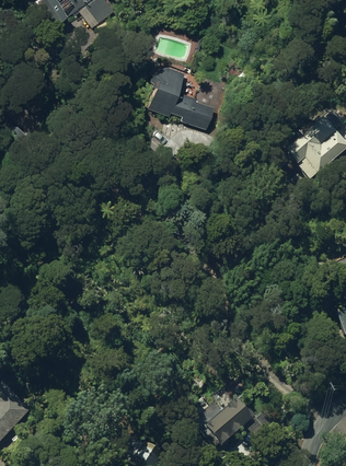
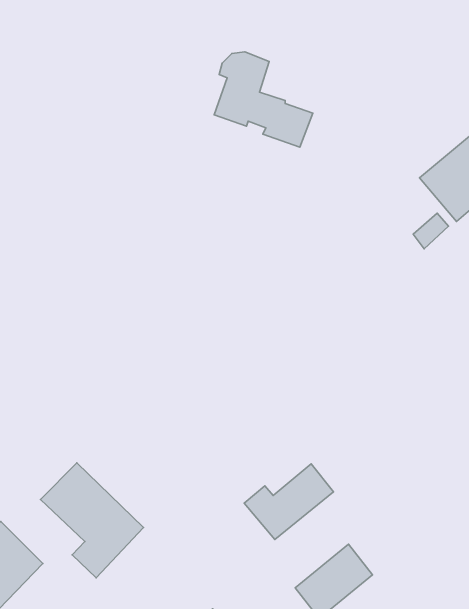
building: none -> [40,463,144,578]
building: none -> [244,464,334,540]

